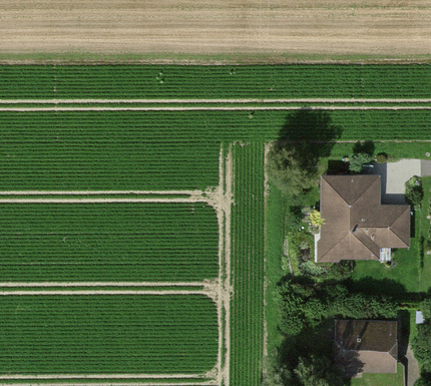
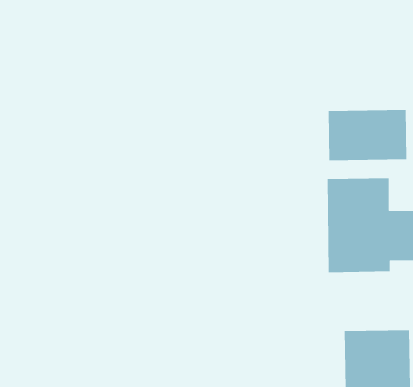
building: none -> [328,109,407,161]

